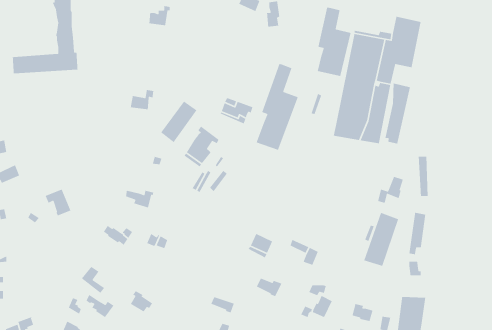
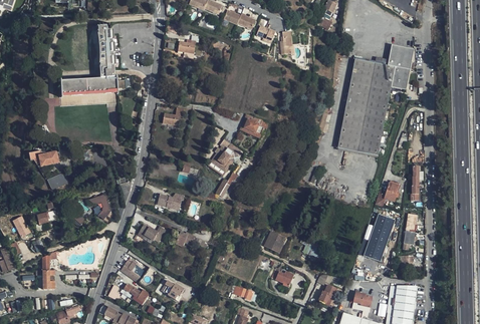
building: [317,7,352,77] -> none
building: [256,63,299,151] -> none
building: [384,83,411,145] -> none
building: [160,100,198,143] -> none

